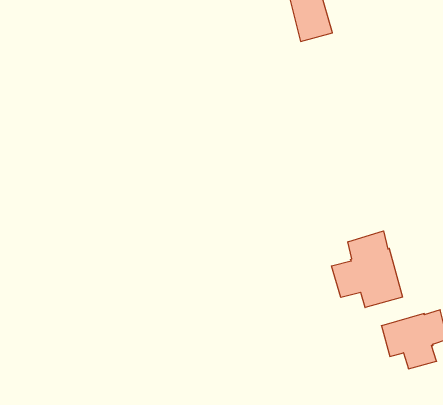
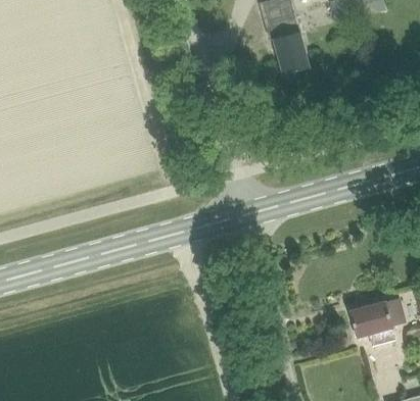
building: [331,231,403,308] -> none

